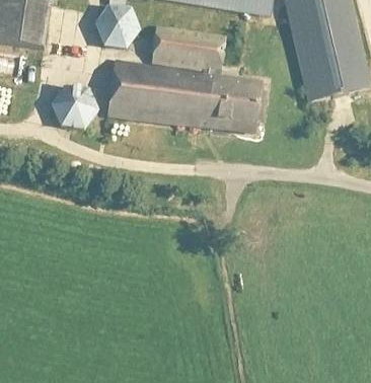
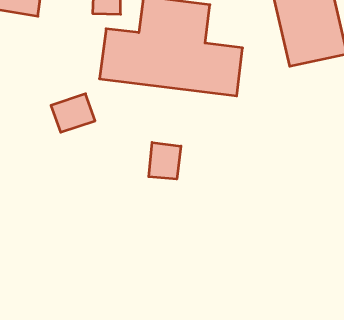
building: [50,85,96,126] -> [51,94,95,132]
building: none -> [149,142,181,179]

